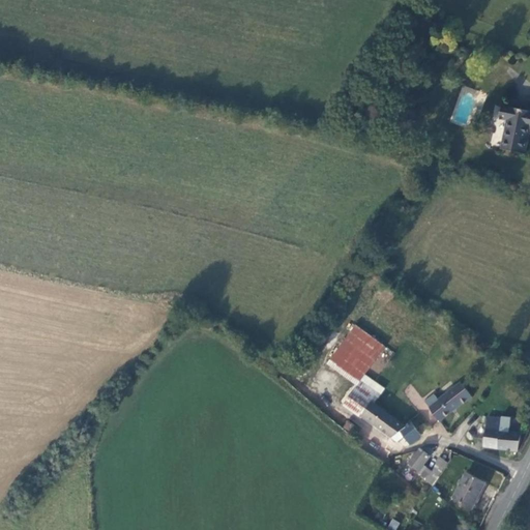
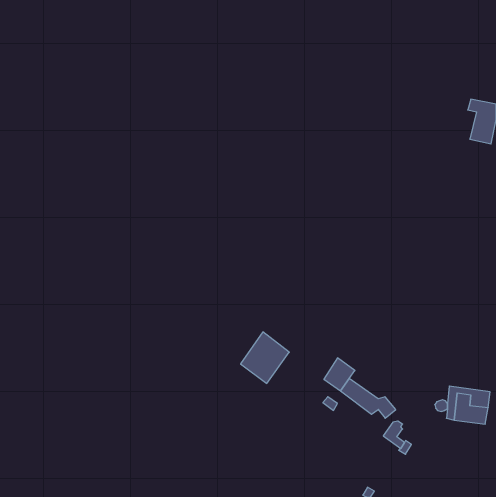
building: [331,326,383,381] -> [241,332,289,383]
building: [429,384,471,420] -> none
building: [452,474,484,508] -> none

